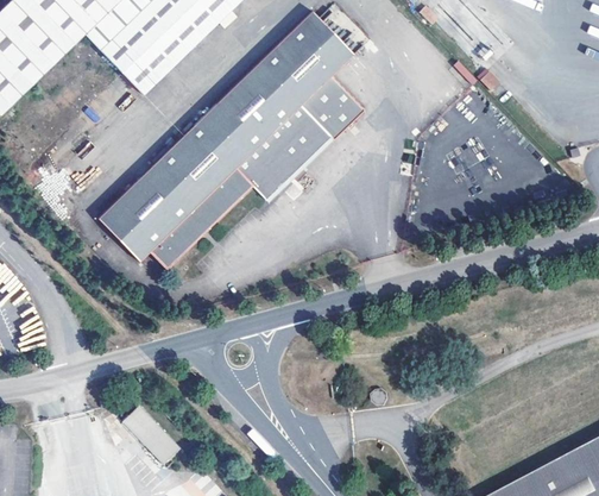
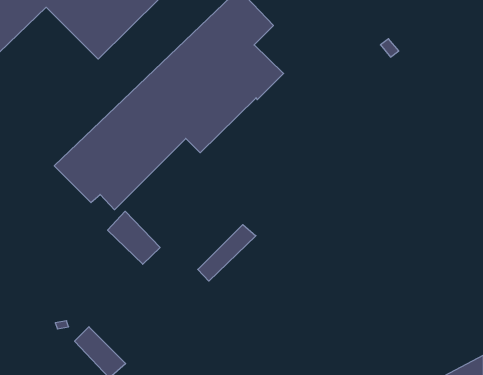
building: none -> [108,211,160,264]
building: none -> [198,225,256,281]

